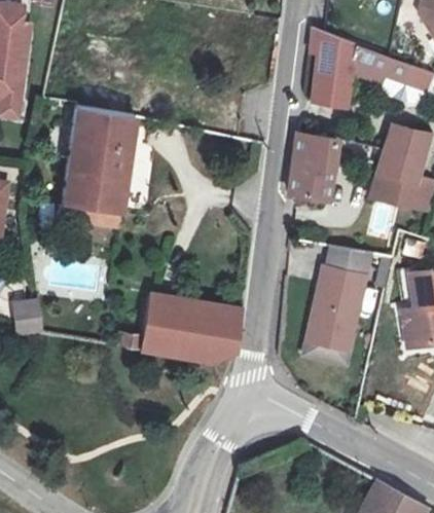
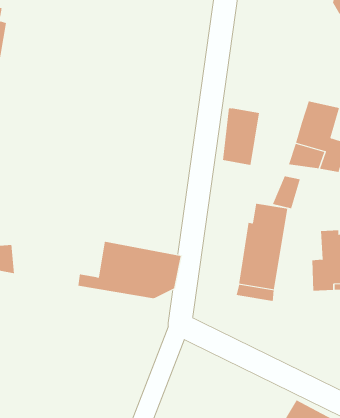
building: [312,31,412,104] -> none
building: [49,107,133,209] -> none
building: none -> [272,175,300,209]

